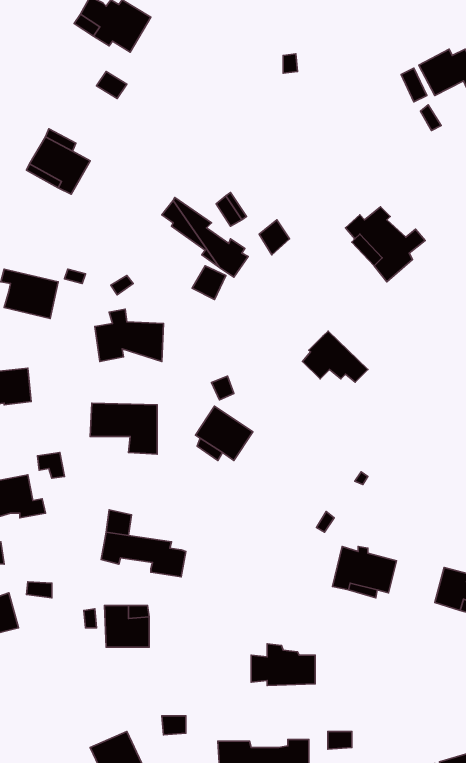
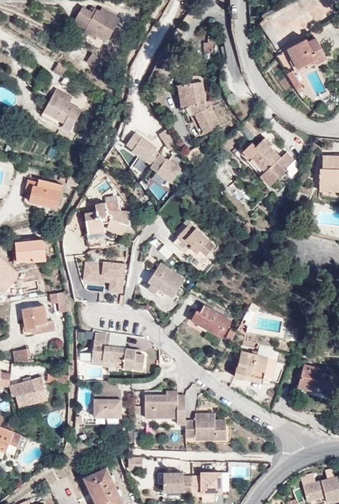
building: none -> [178,81,220,133]
building: [302,331,368,382] -> [175,223,216,255]
building: none -> [191,306,230,337]
building: none -> [144,393,184,422]

